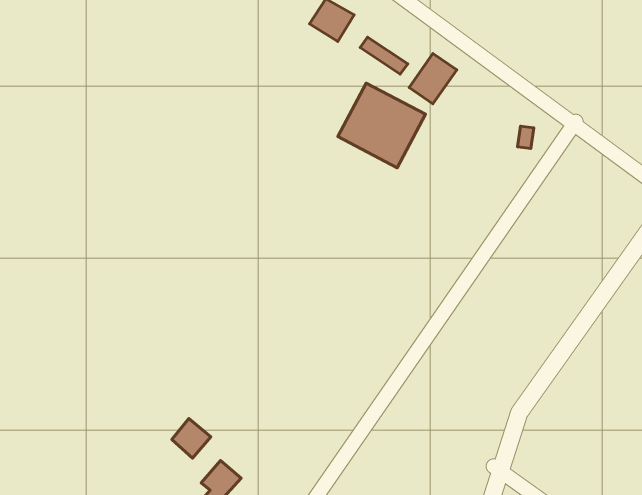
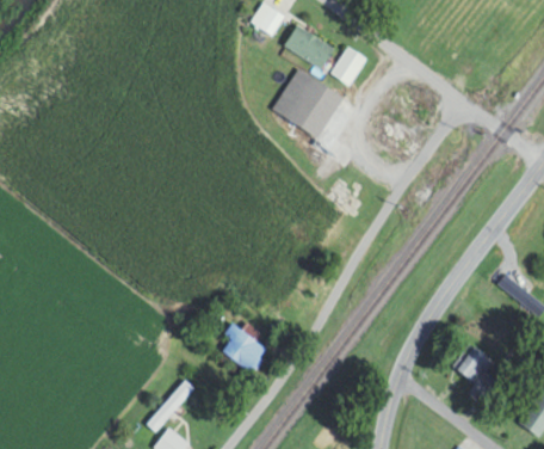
building: none -> [217,321,267,370]
building: [172,418,211,458] -> none
building: none -> [453,343,495,385]

